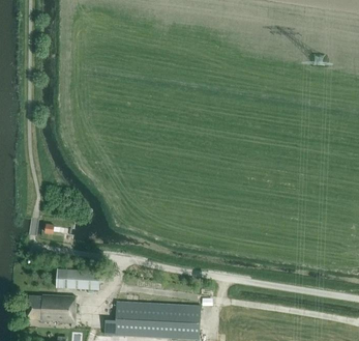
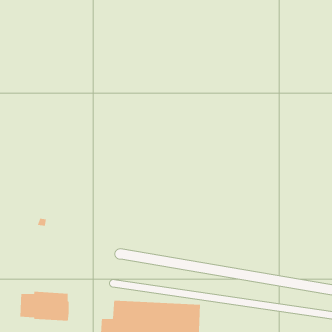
building: [56,268,99,289] -> none

